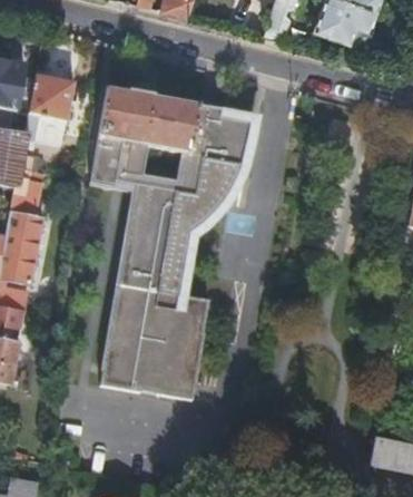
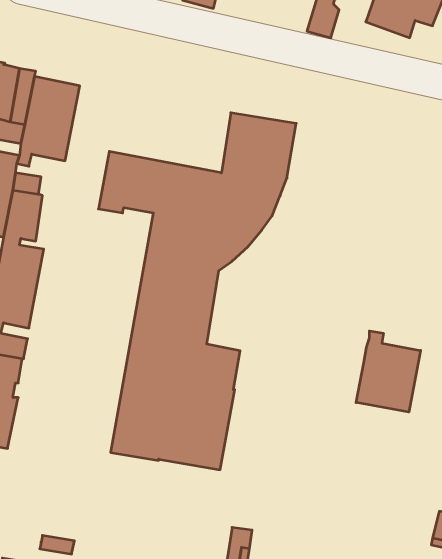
building: [98,87,199,154] -> none
building: none -> [356,331,421,412]

